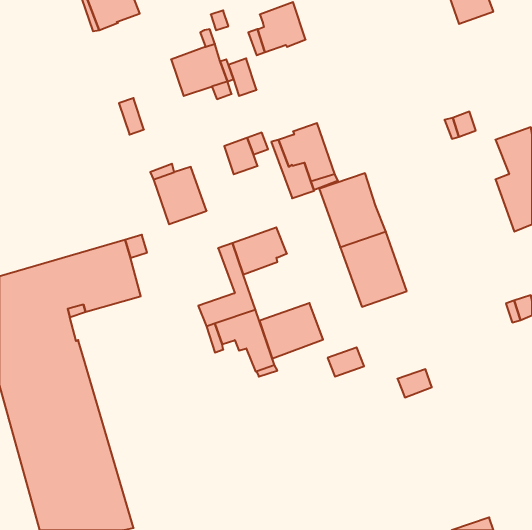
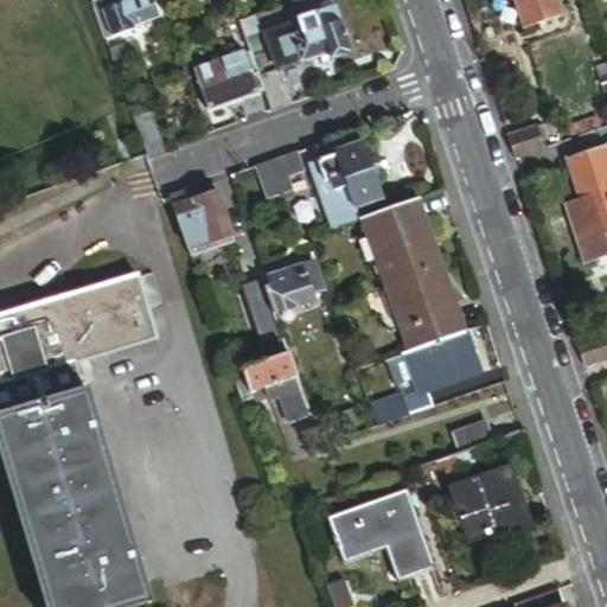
building: [260,303,323,358] -> [405,331,478,394]
building: none -> [445,454,525,531]
building: none -> [328,490,434,582]

